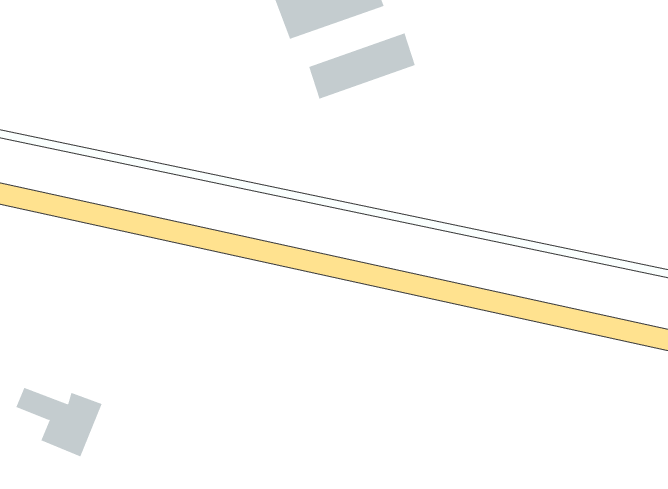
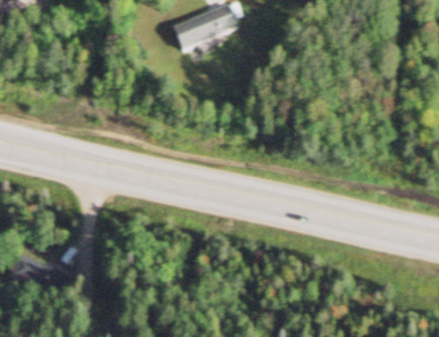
building: [309,32,416,99] -> none

